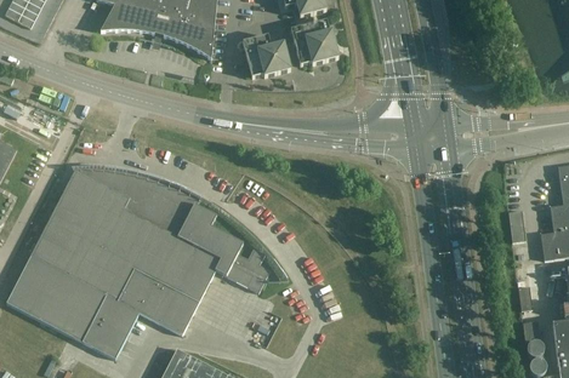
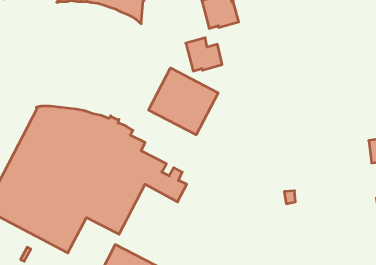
building: [243,34,290,78] -> [186,38,222,71]
building: none -> [149,68,218,135]

